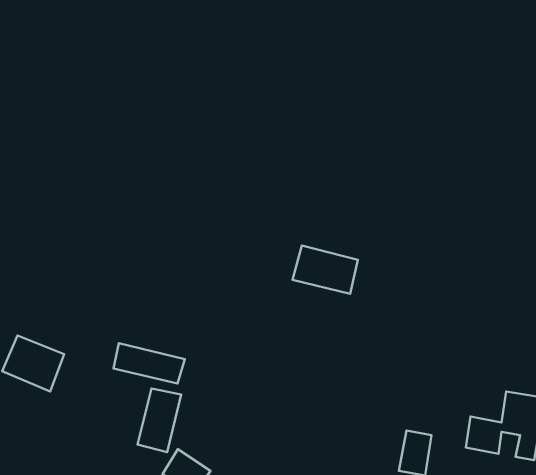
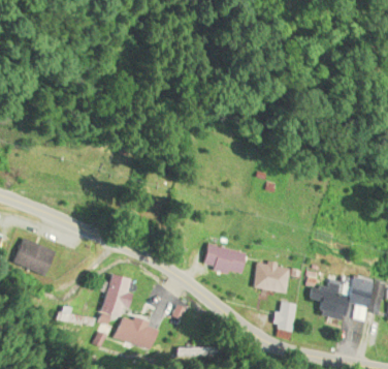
building: [293,246,358,294] -> [203,243,247,275]
building: [113,343,185,384] -> none
building: none -> [255,260,291,294]

